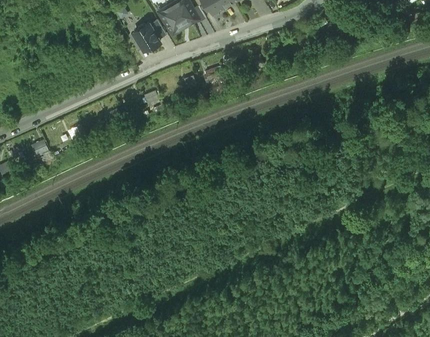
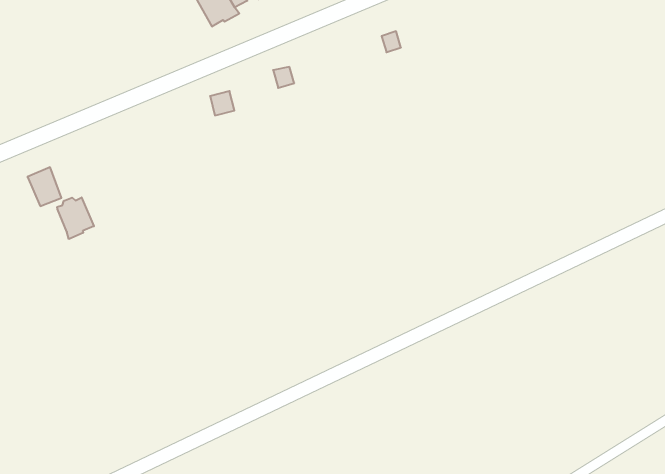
building: none -> [57,197,94,239]

